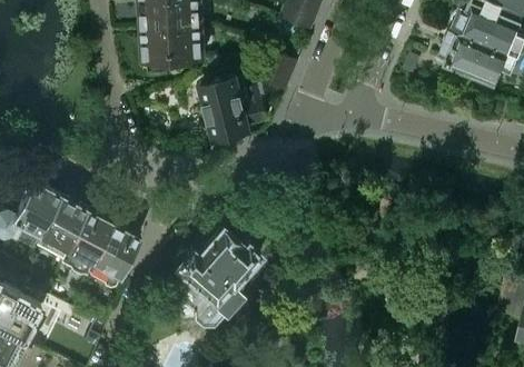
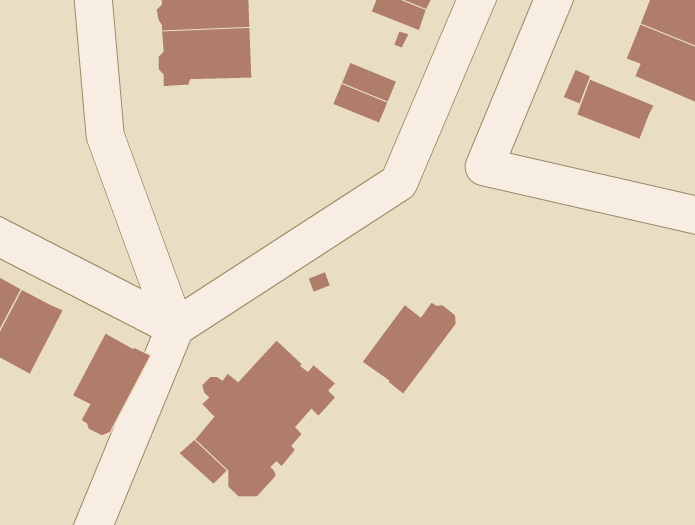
building: none -> [576,79,654,140]
building: [201,71,267,141] -> none
building: none -> [362,302,456,394]
building: [62,210,110,265] -> none

